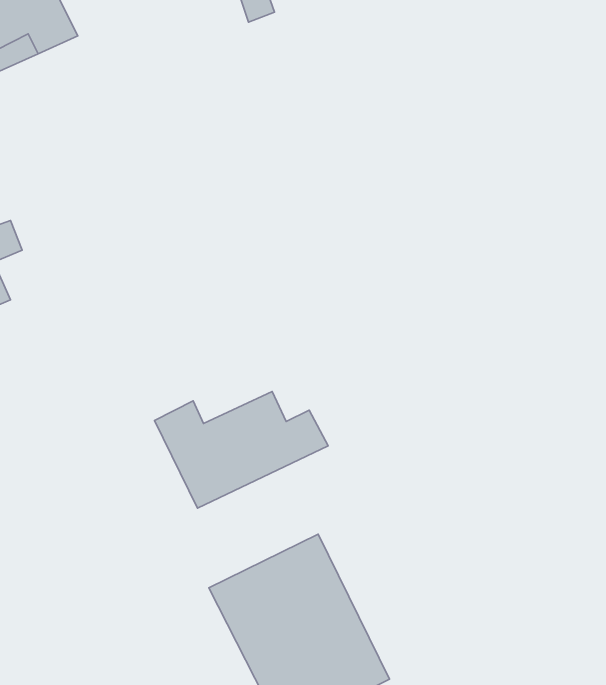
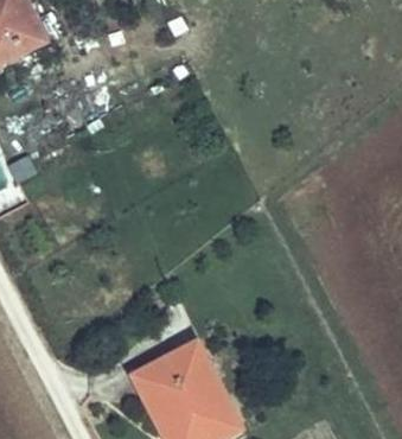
building: [154,392,328,508] -> none

